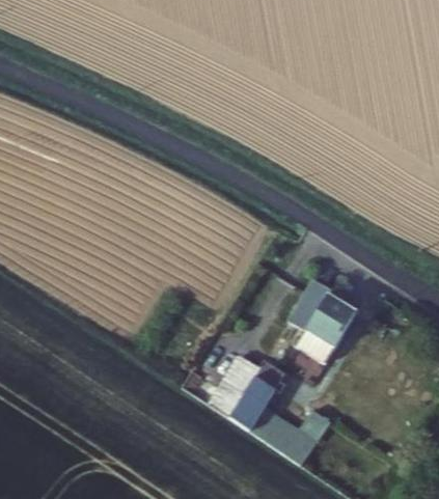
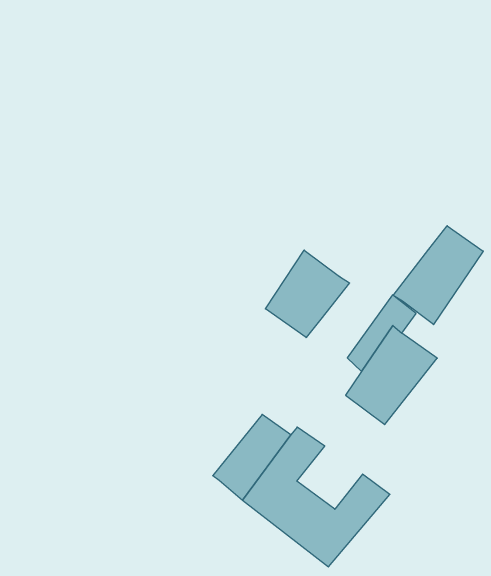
building: none -> [393,226,483,325]
building: none -> [265,250,350,338]

